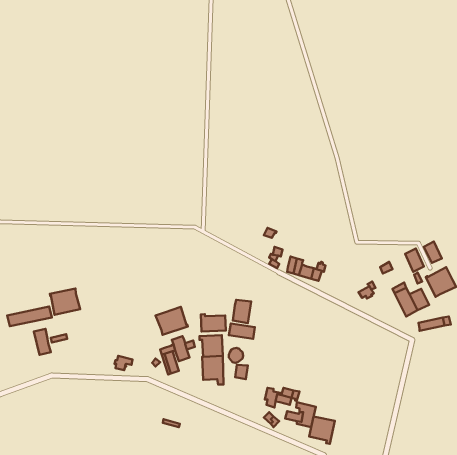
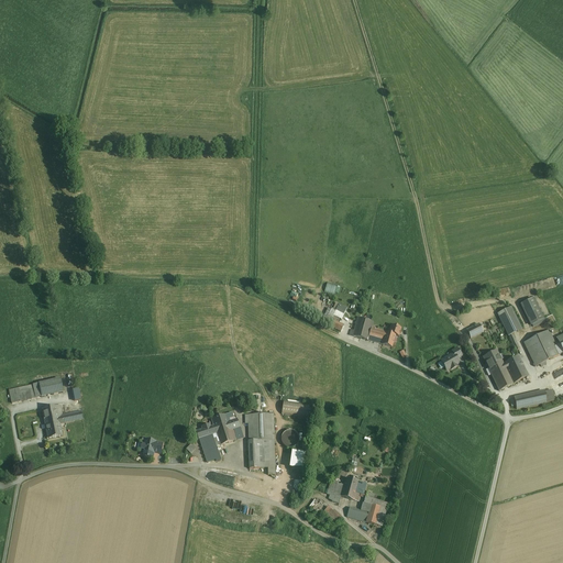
building: [50,289,80,315] -> none
building: [233,300,251,323] -> none
building: [155,307,188,335] -> none
building: [201,314,226,332] -> none
building: [309,416,335,444] -> none

